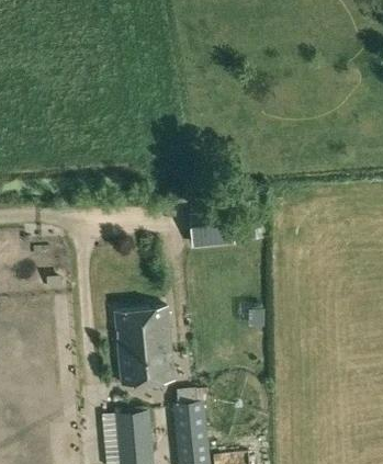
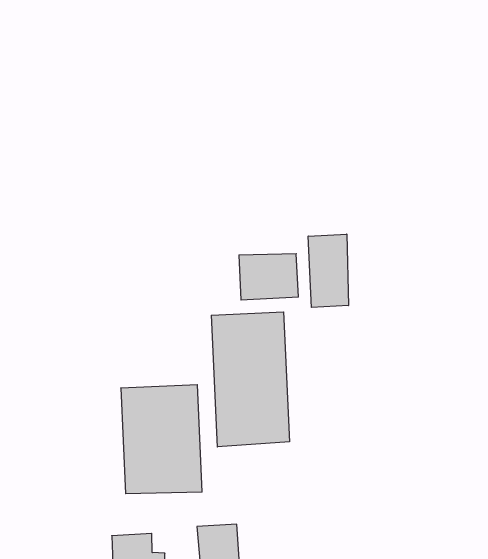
building: none -> [308,234,348,307]
building: none -> [211,312,289,447]

